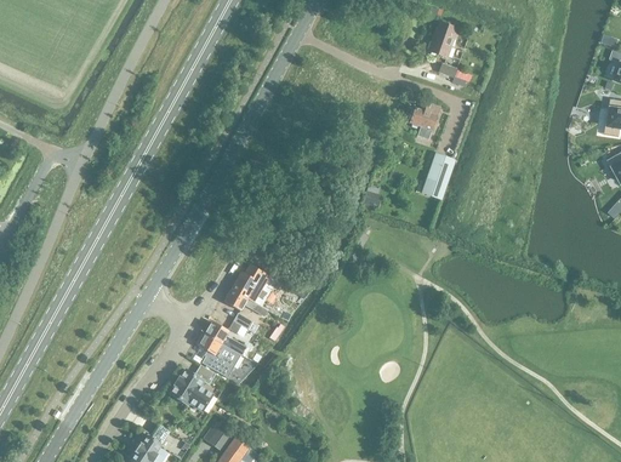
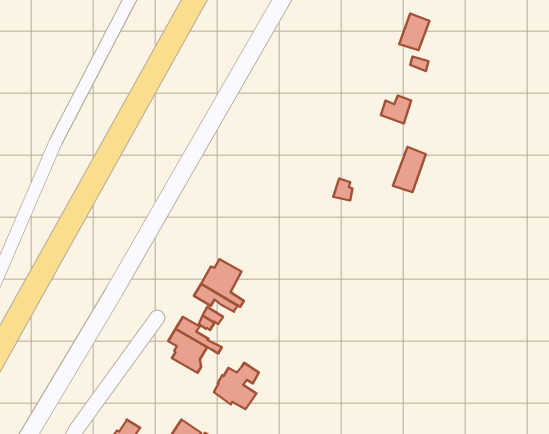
building: [170,364,215,410] -> [214,363,259,409]

